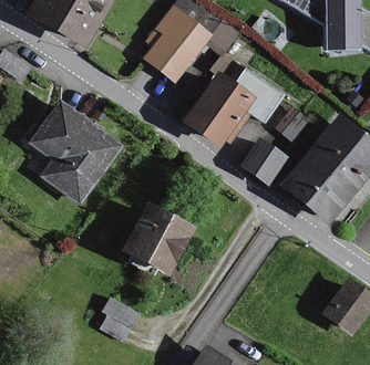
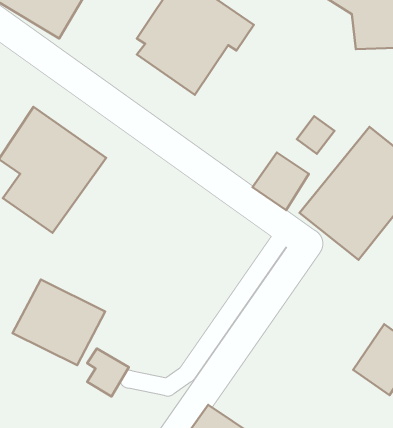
building: [179,67,284,149] -> none
building: [119,207,195,278] -> [13,279,105,365]

